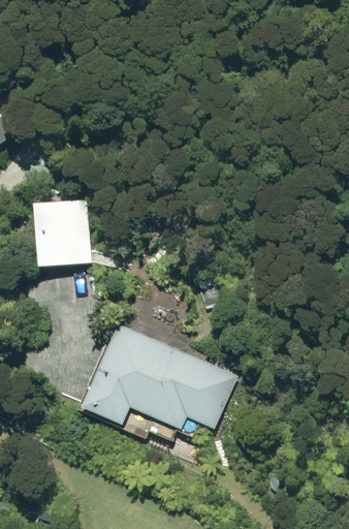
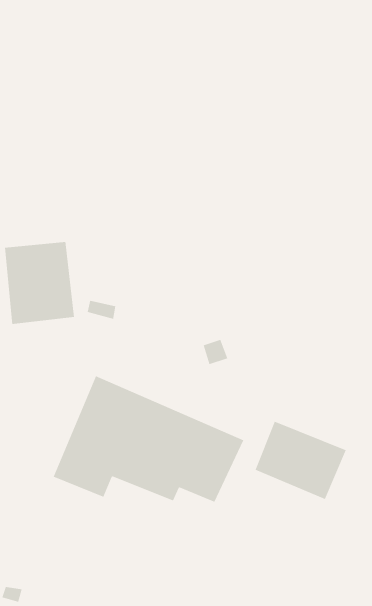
building: none -> [255,421,346,500]

